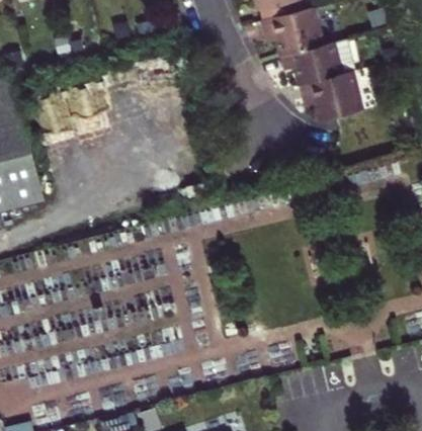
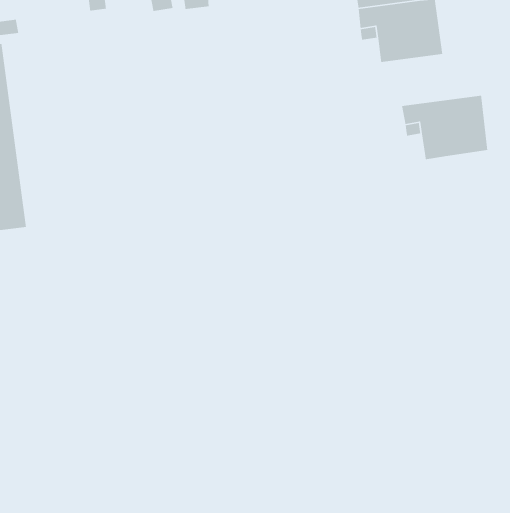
building: [279,40,356,86] -> none

